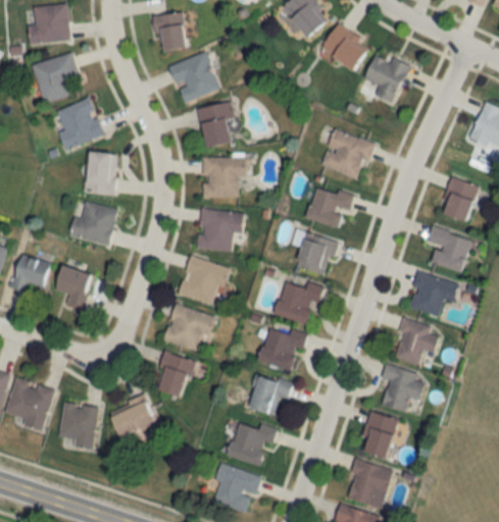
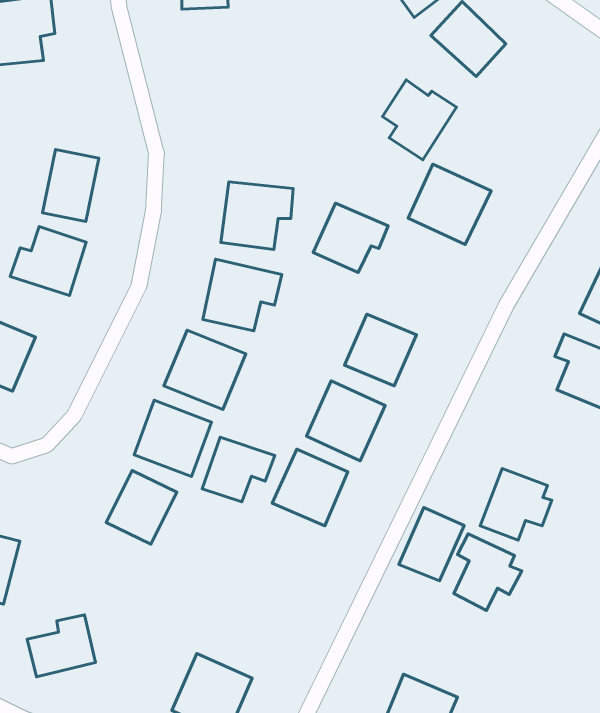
building: [169,51,220,102] -> none
building: [363,53,410,103] -> [382,80,457,160]
building: [57,98,104,150] -> none
building: [198,101,239,147] -> none
building: [307,186,353,228] -> [313,203,388,273]
building: [407,272,458,317] -> none
building: [249,374,293,414] -> [202,437,275,502]
building: [111,395,157,438] -> [27,615,96,677]
building: [360,412,399,458] -> [399,507,464,581]
building: [229,419,275,466] -> none

